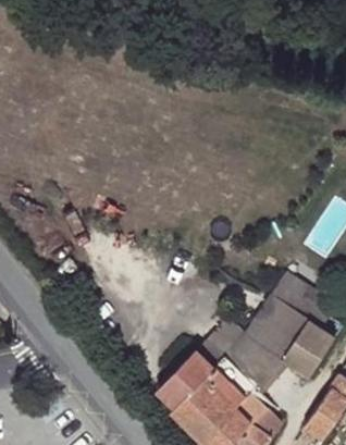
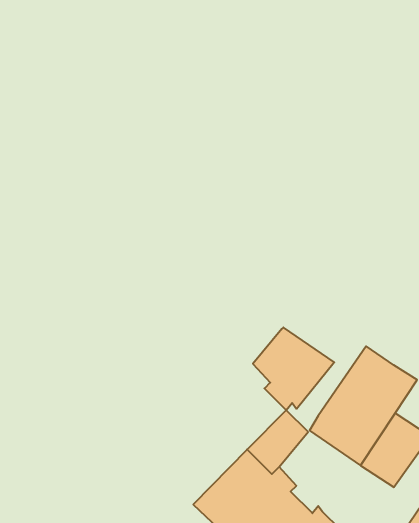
building: [221,334,282,396] -> [253,327,334,410]

